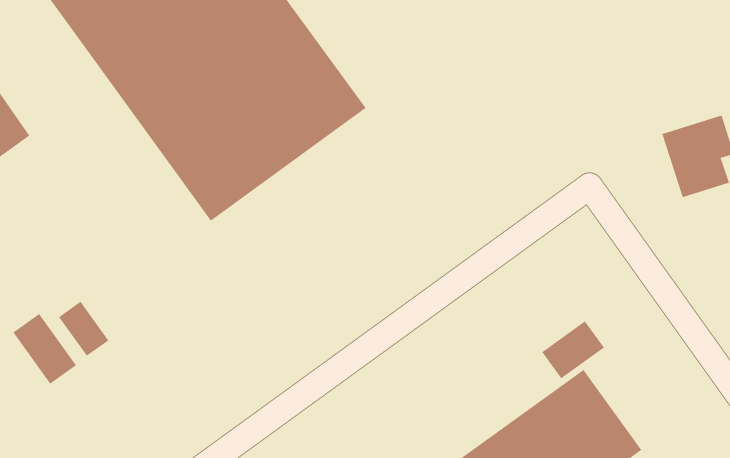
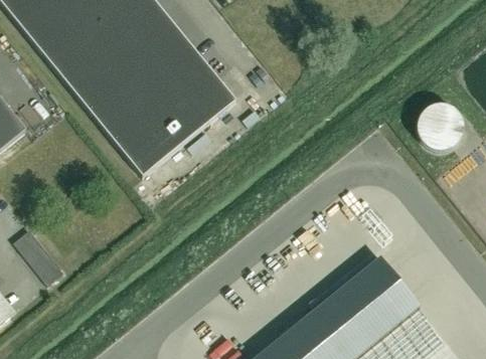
building: [58,301,109,357] -> none
building: [542,320,605,379] -> none

